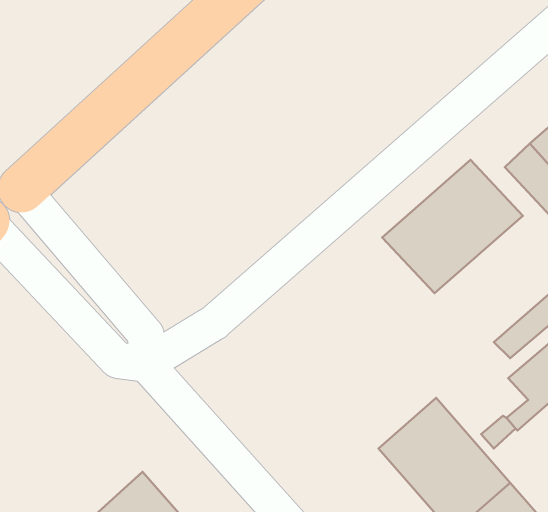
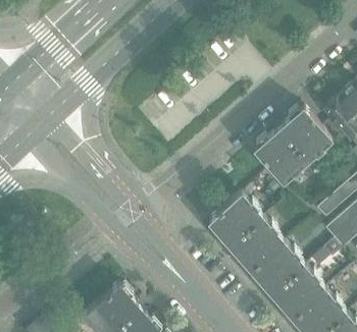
building: none -> [207,193,283,271]

